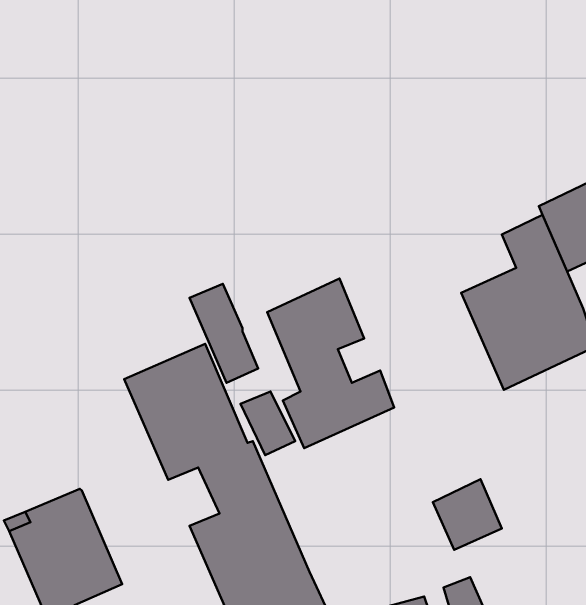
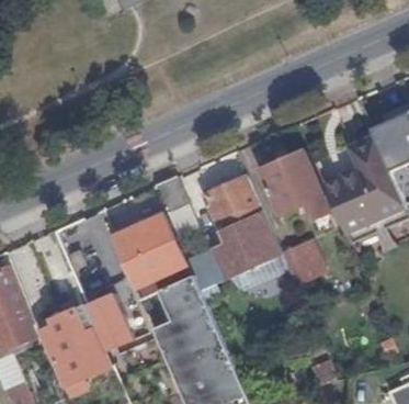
building: none -> [260,150,329,218]
building: none -> [87,294,139,364]
building: [433,479,502,550] -> [281,240,323,284]

